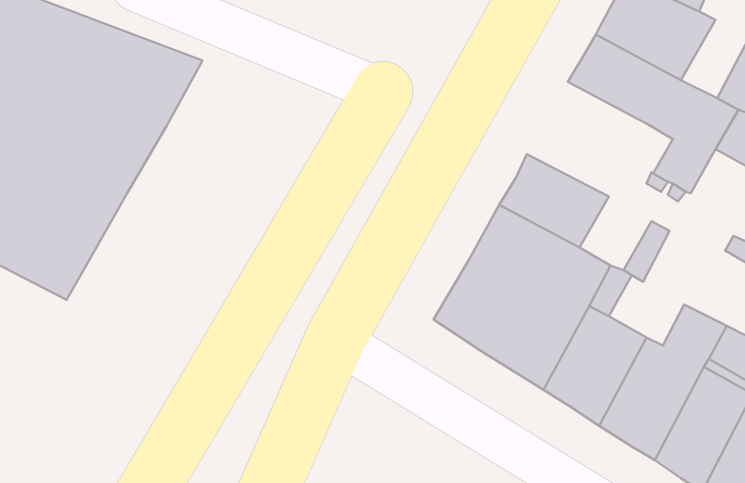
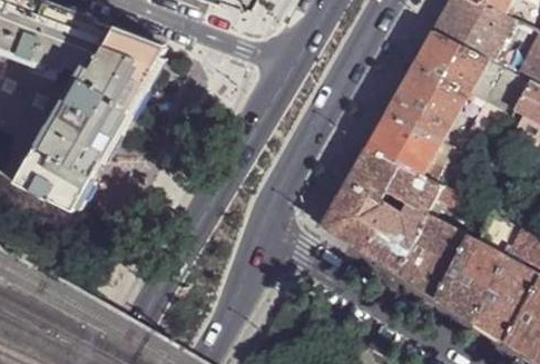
building: none -> [386,65,469,142]

